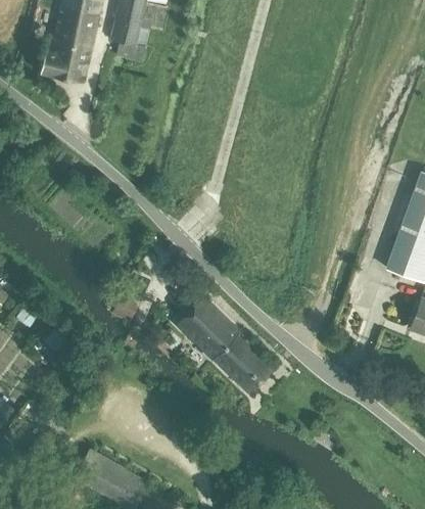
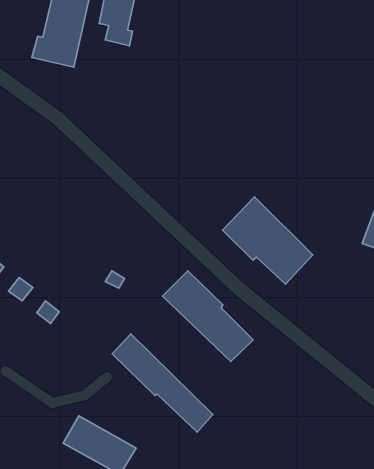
building: none -> [222,197,313,284]
building: none -> [112,334,213,432]

